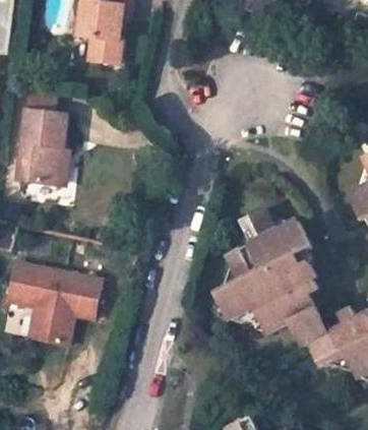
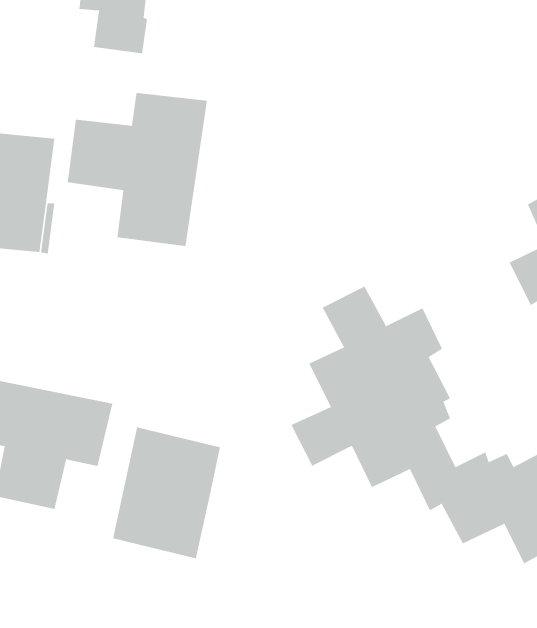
building: none -> [67,92,207,247]
building: none -> [113,427,220,559]

